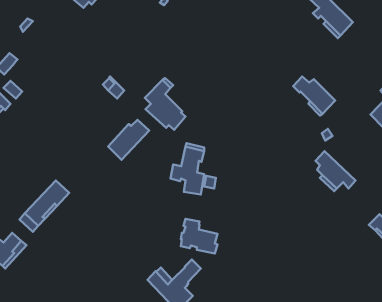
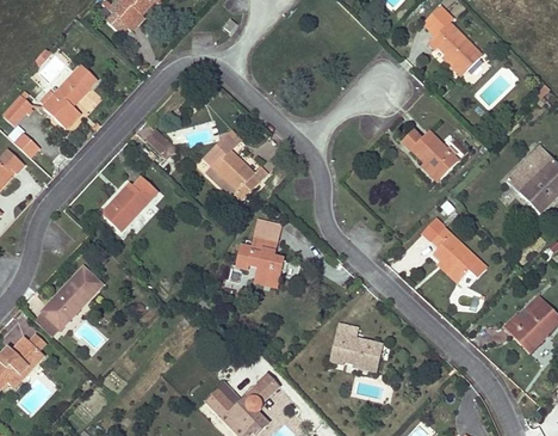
building: none -> [41,66,95,128]
building: [108,120,149,160] -> [103,178,157,232]
building: [181,219,217,253] -> [331,325,380,371]

